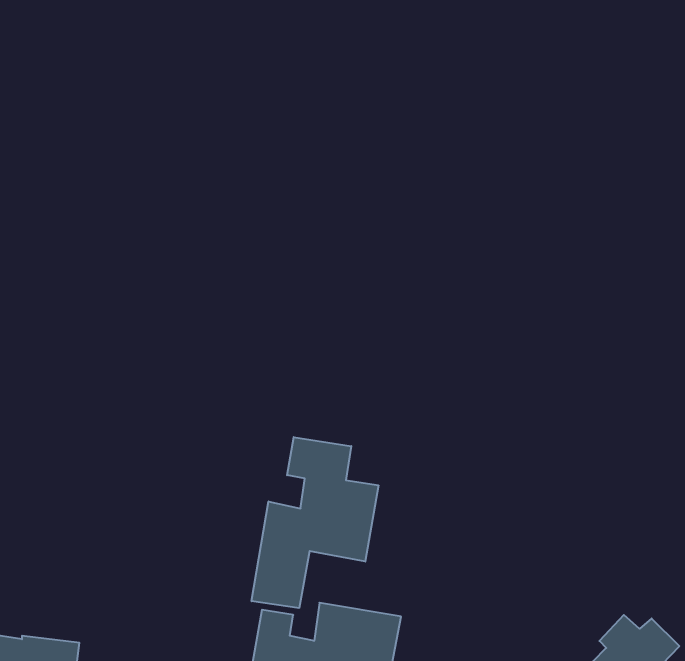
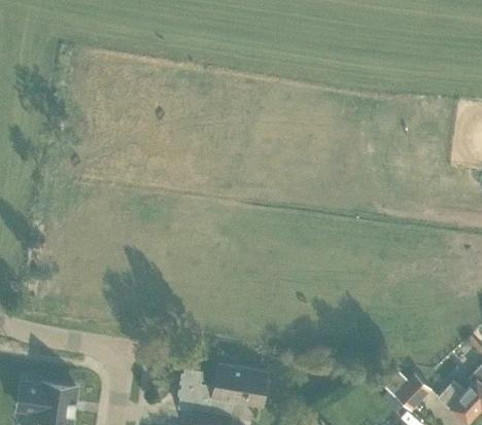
building: [252,437,378,608] -> none

